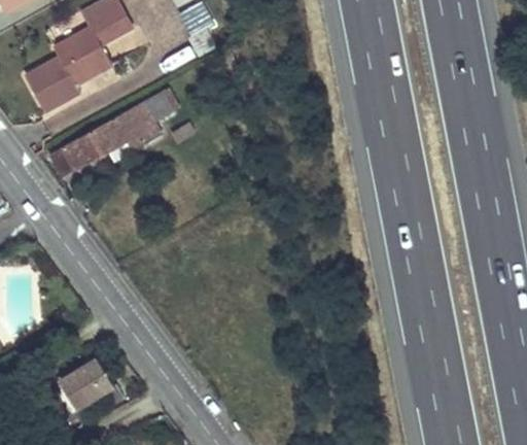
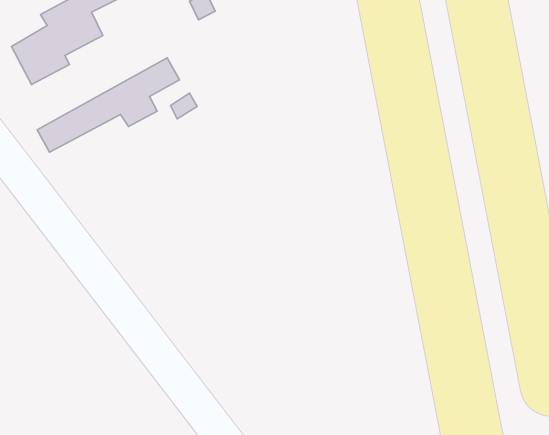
building: [57,356,110,407] -> none

